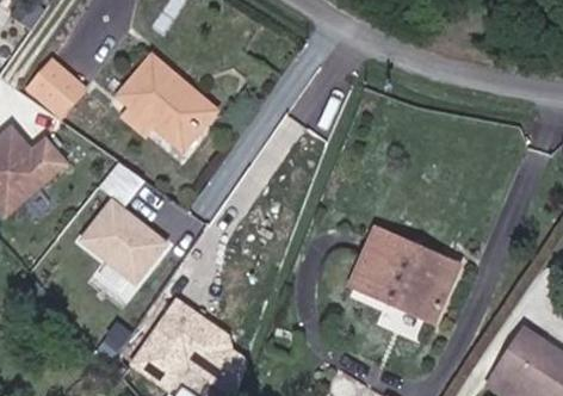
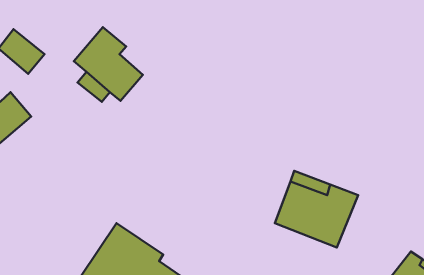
building: [74,196,168,285] -> none

